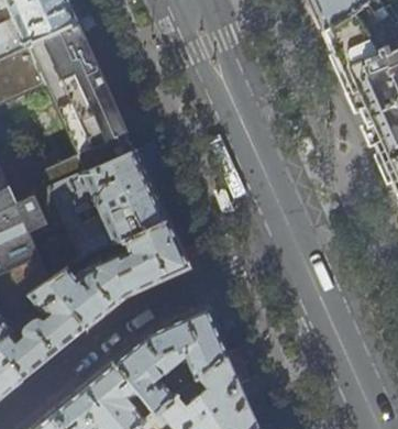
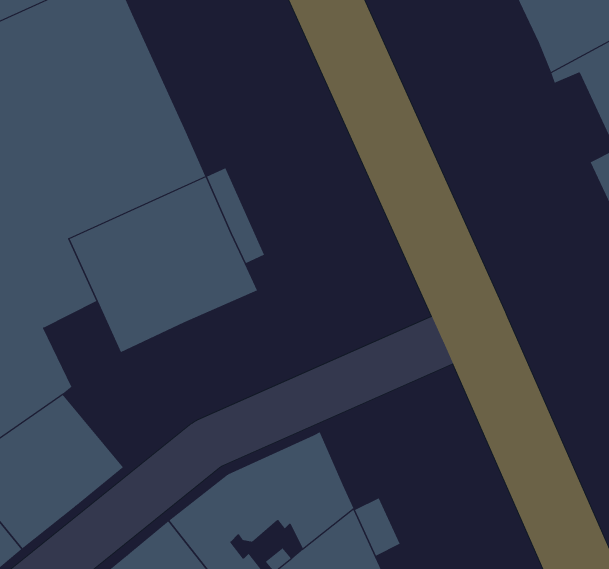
building: [48,221,189,330] -> none

